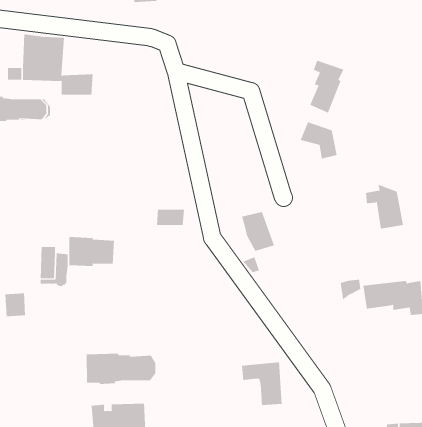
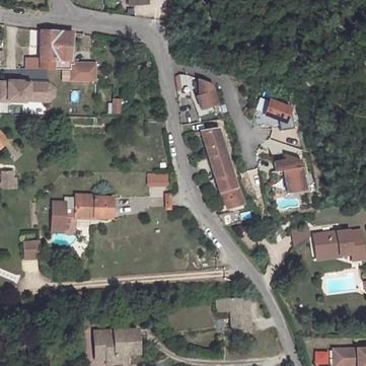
building: [309,60,344,113] -> none
building: none -> [198,78,219,107]
building: none -> [202,128,233,178]
building: [365,184,404,229] -> [274,155,305,192]
building: [86,353,156,385] -> none

